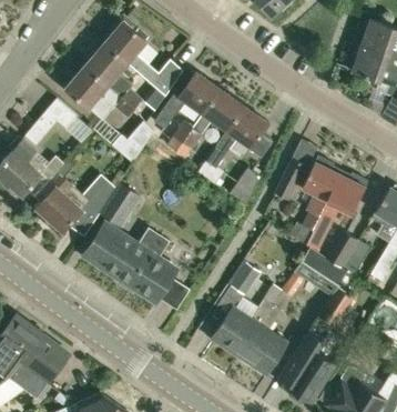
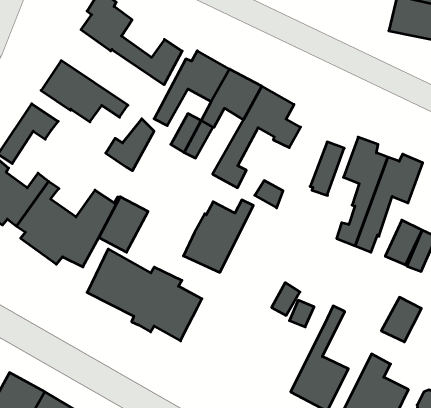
building: [84,43,142,109] -> none
building: [294,247,346,294] -> none
building: [212,298,273,355] -> [183,200,253,272]

